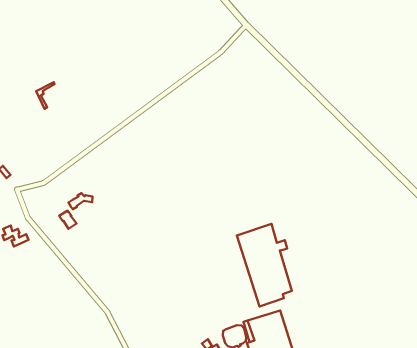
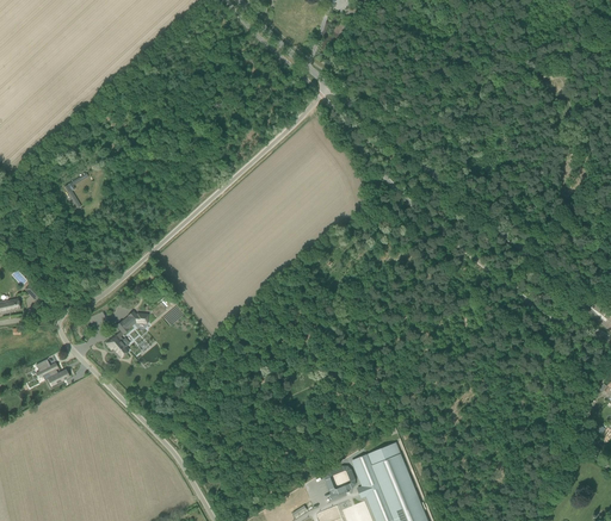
building: [237,224,292,306] -> none

